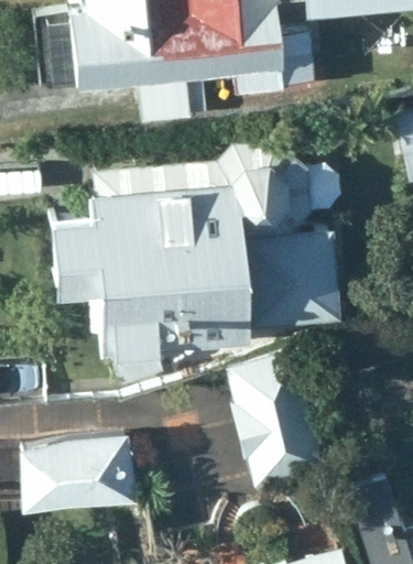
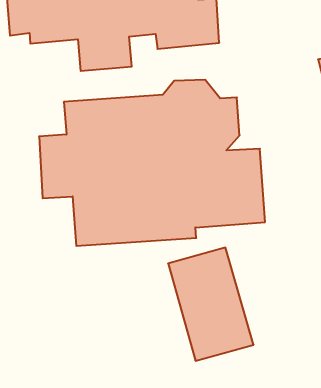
building: [19,433,138,510] -> none

